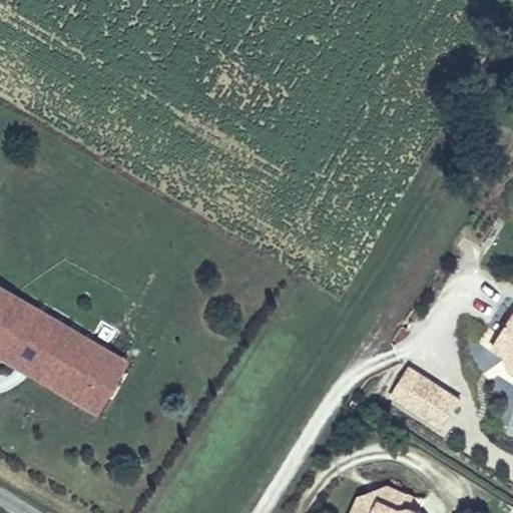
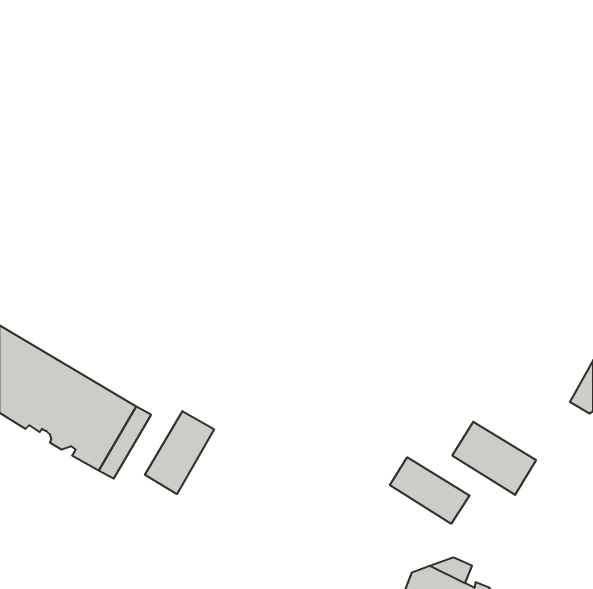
building: none -> [145,411,214,494]
building: none -> [390,457,470,524]

